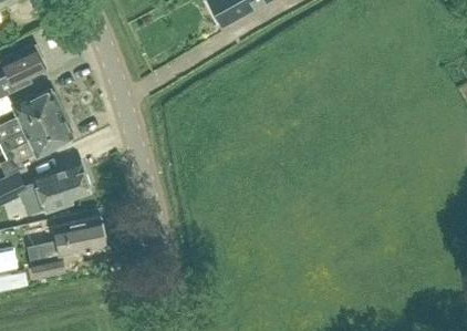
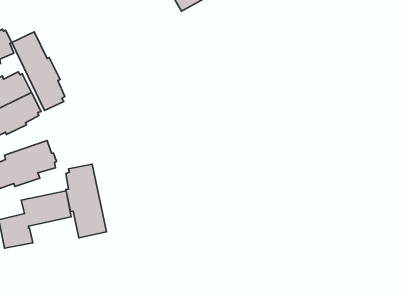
building: none -> [12,32,65,111]
building: none -> [66,164,106,238]

